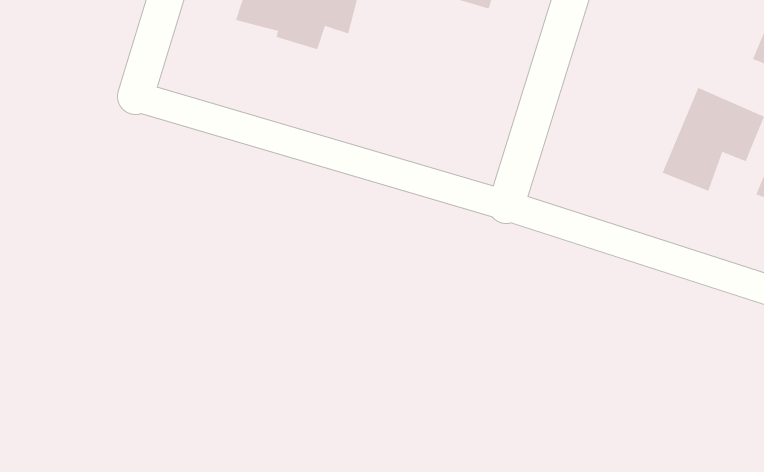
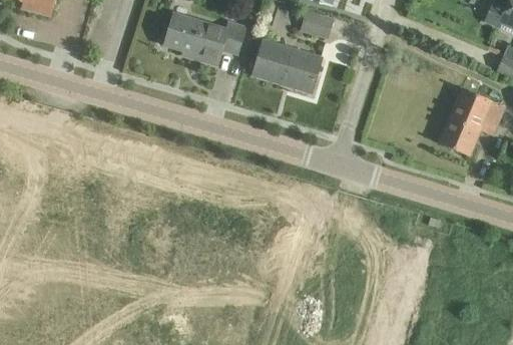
building: none -> [252,39,322,92]

